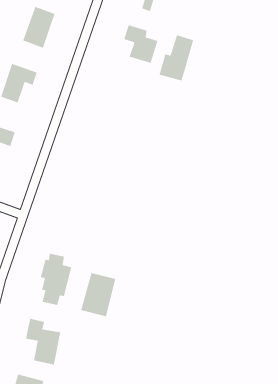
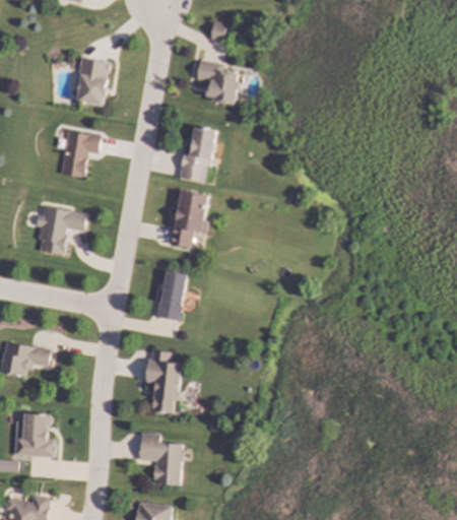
building: [159,34,194,82] -> [179,126,214,182]
building: none -> [170,191,209,247]
building: none -> [157,270,188,321]
building: [80,272,116,317] -> none

